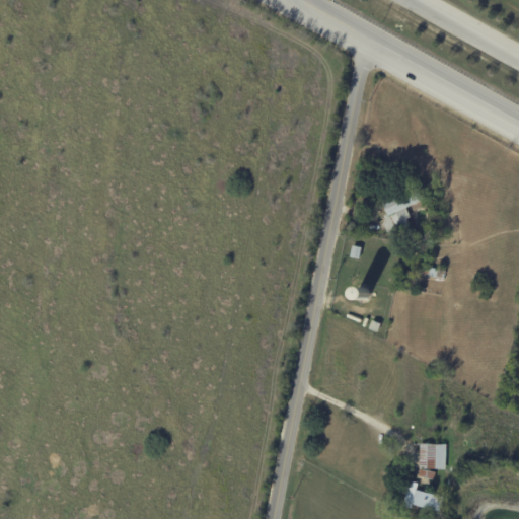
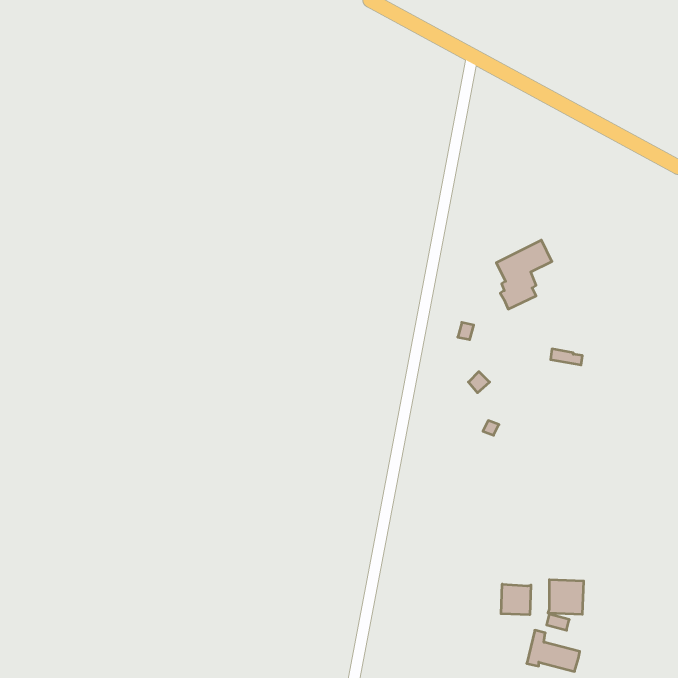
building: none -> [501,584,531,615]

